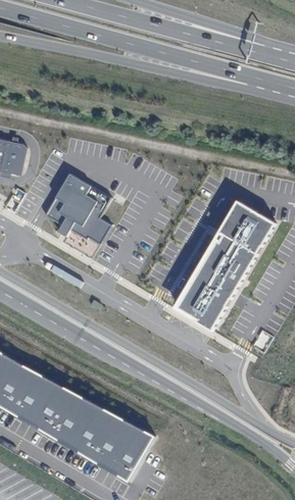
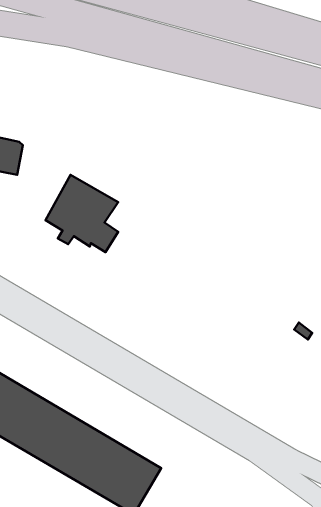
building: [171,202,271,331] -> none

